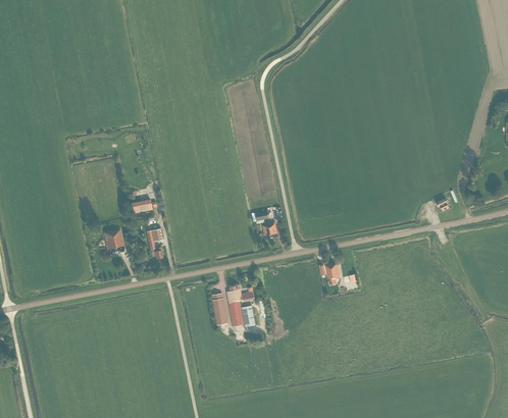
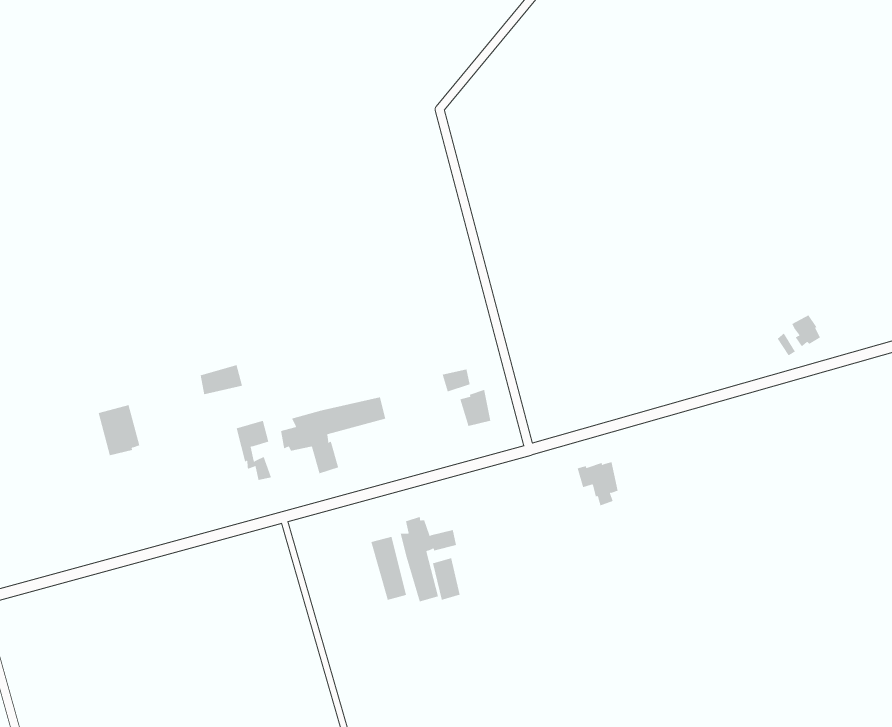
building: none -> [280,396,386,474]
building: [104,228,124,254] -> [98,404,140,456]

